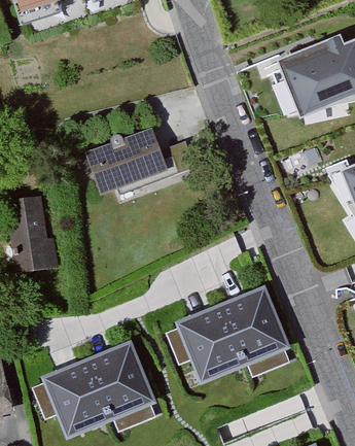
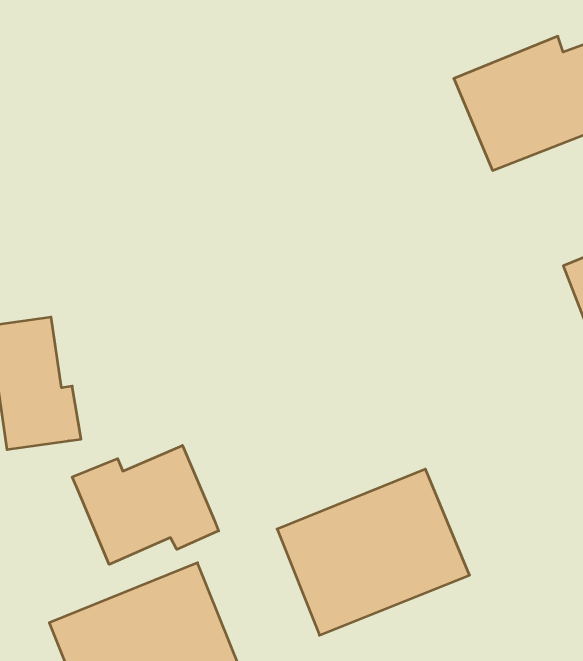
building: [88,130,193,200] -> none
building: none -> [72,445,219,564]

